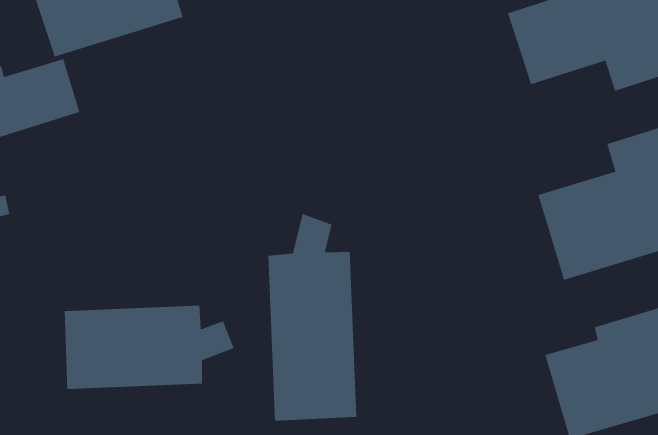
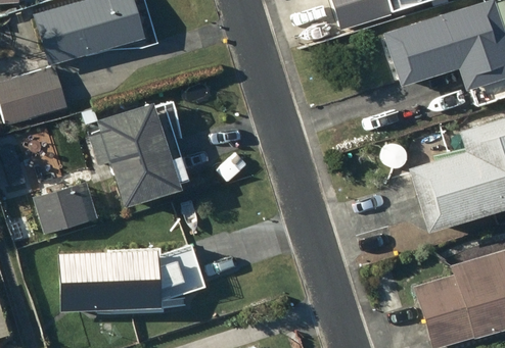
building: none -> [84,101,183,208]
building: [268,213,357,421] -> none
building: none -> [36,182,100,235]

